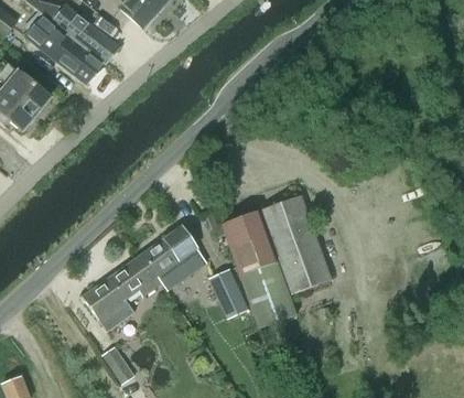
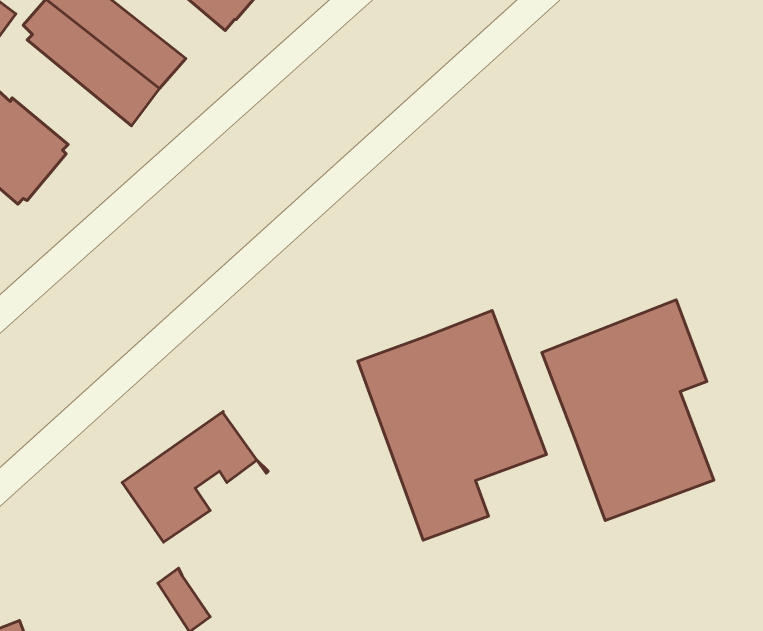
building: none -> [542,300,714,521]
building: [142,225,208,289] -> none
building: [209,268,248,318] -> none

